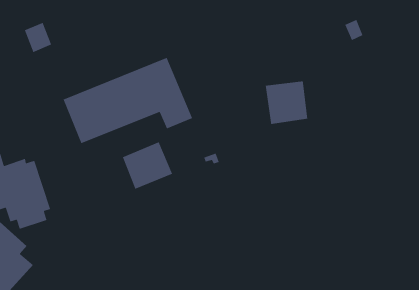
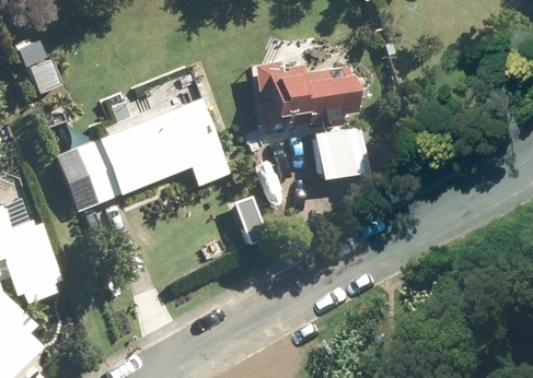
building: none -> [254,61,356,131]
building: [122,141,173,190] -> none

